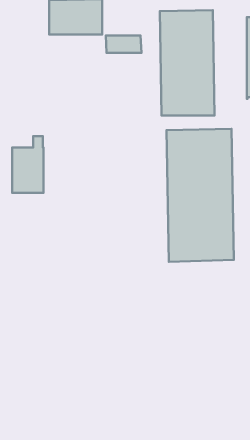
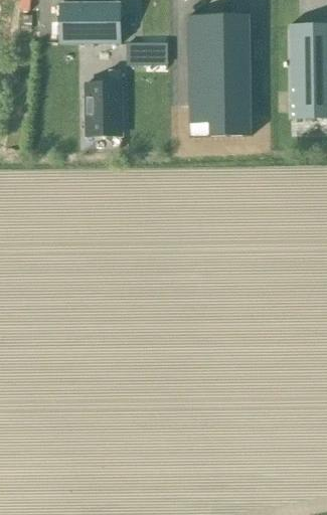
building: [167,129,234,262] -> none
building: [12,136,44,193] -> [86,68,122,134]

